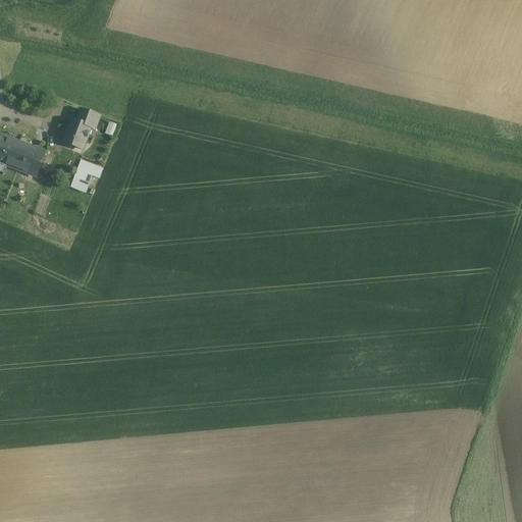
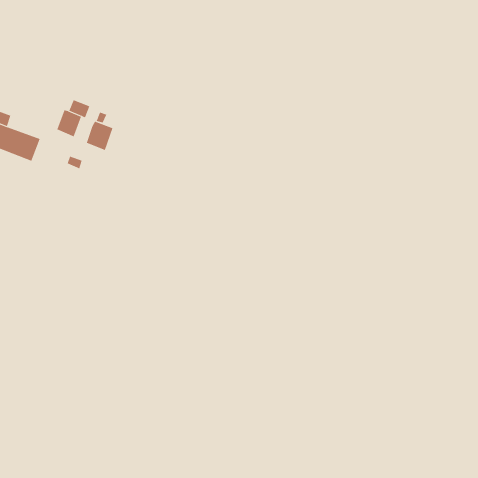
building: none -> [86,121,113,151]

